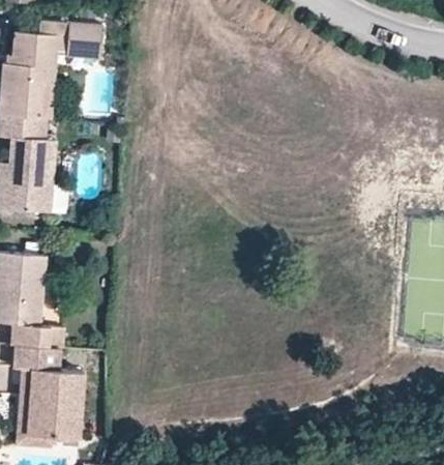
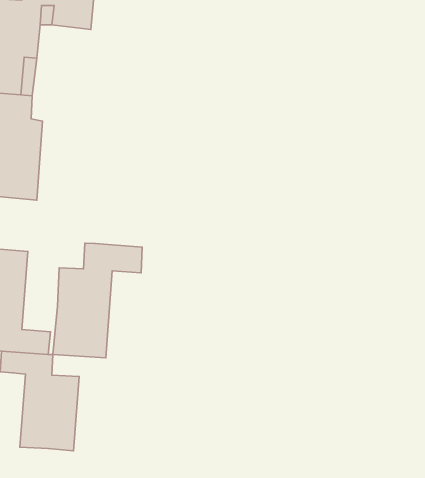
building: none -> [53,243,142,358]
building: [24,370,62,451] -> none

